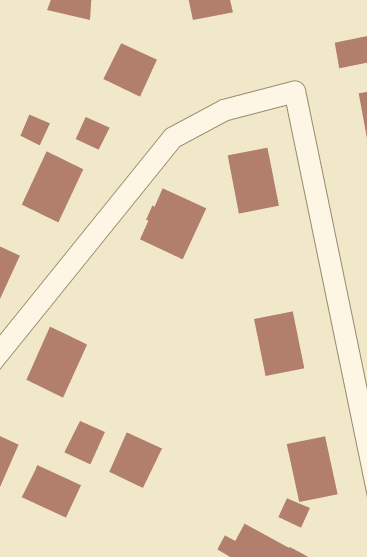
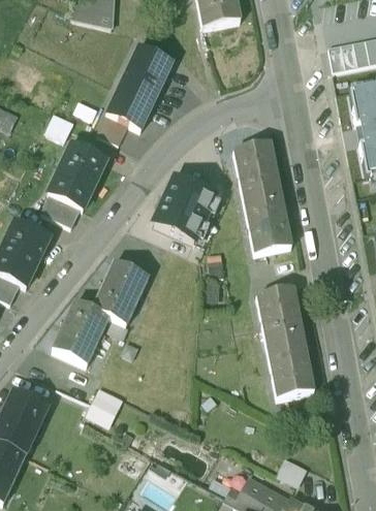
building: none -> [106,78,156,127]
building: none -> [41,192,81,225]
building: none -> [244,192,291,252]
building: none -> [92,260,149,324]
building: [108,431,163,489] -> none
building: [286,436,339,503] -> [268,338,315,397]
building: [21,464,82,518] -> none

